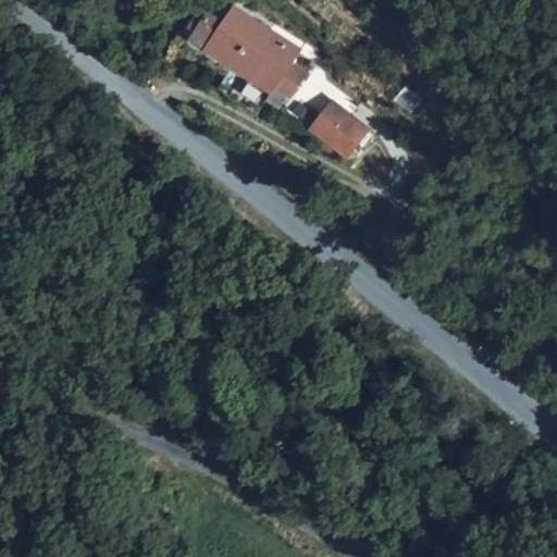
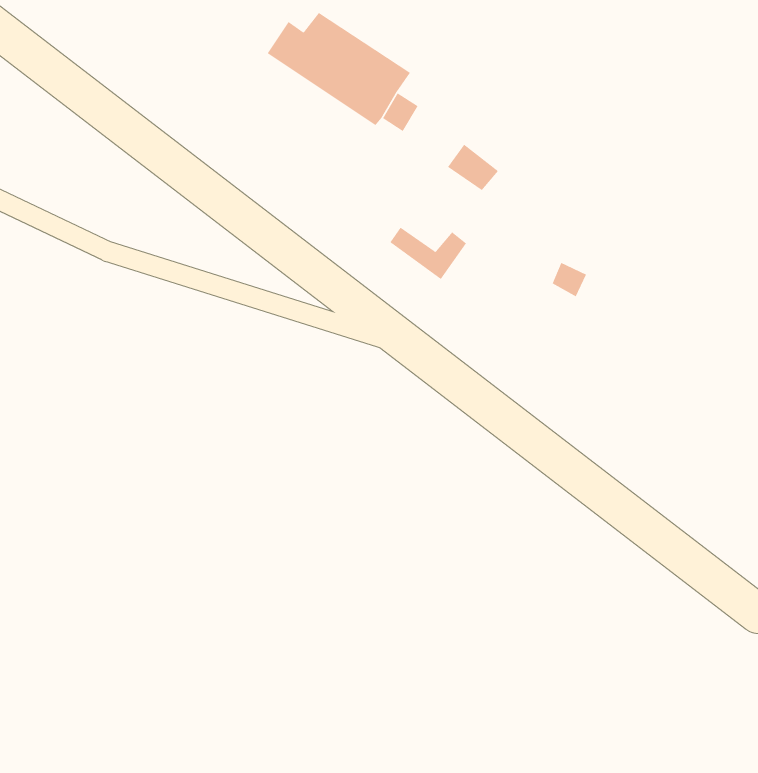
building: [313,120,369,158] -> [390,227,467,280]

